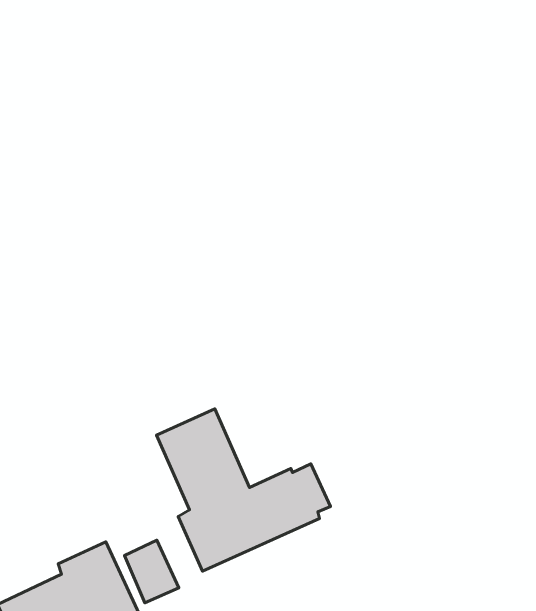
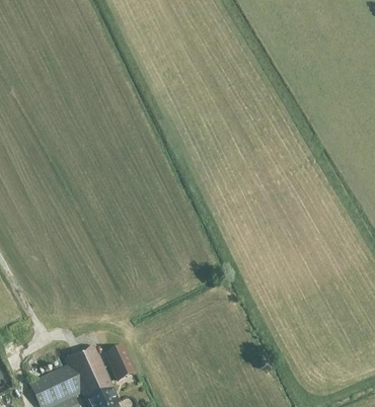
building: [156,409,331,571] -> none

